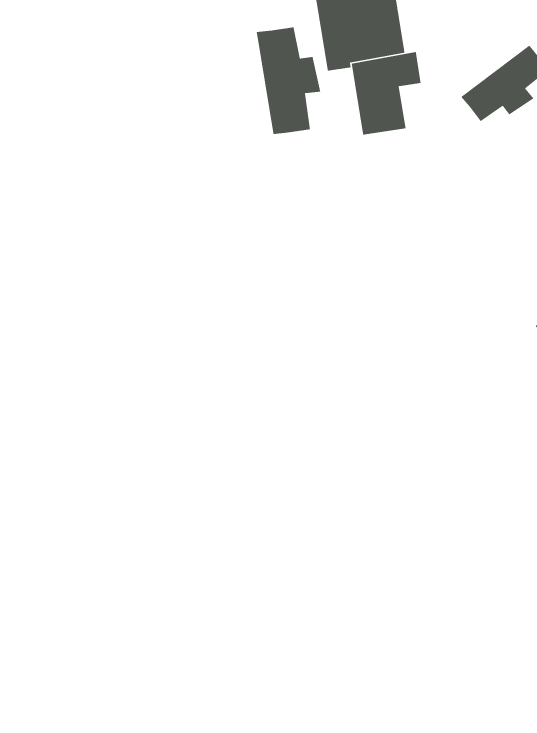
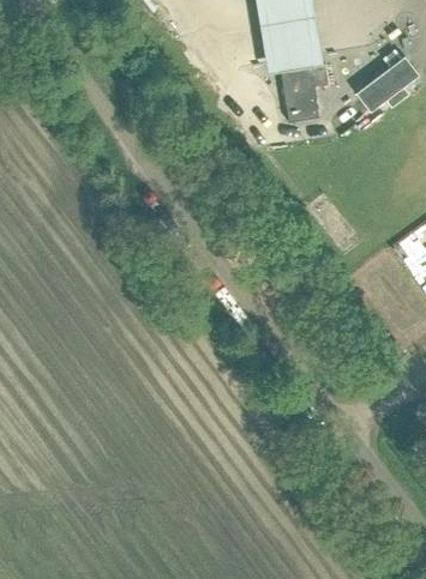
building: [256,26,321,135] -> none

